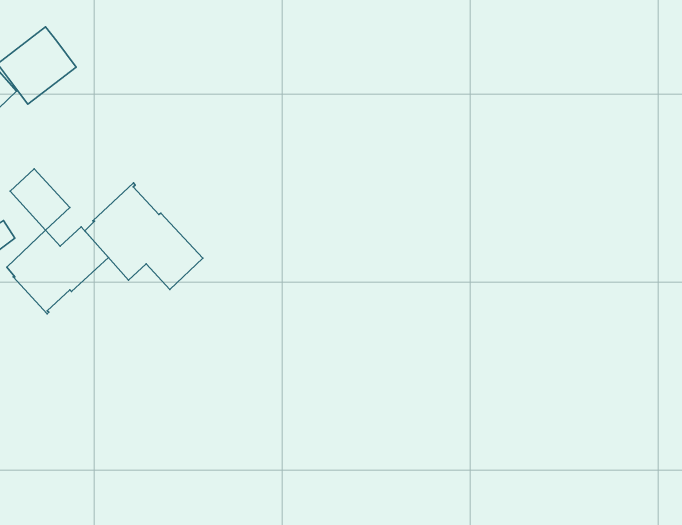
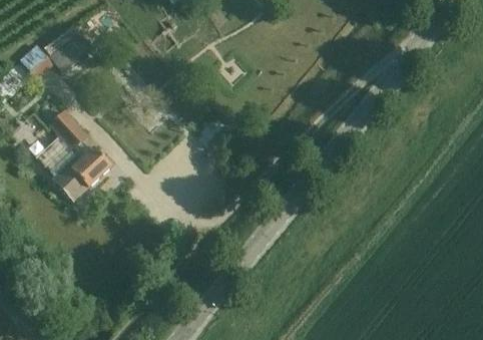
building: [85,183,203,290] -> none

